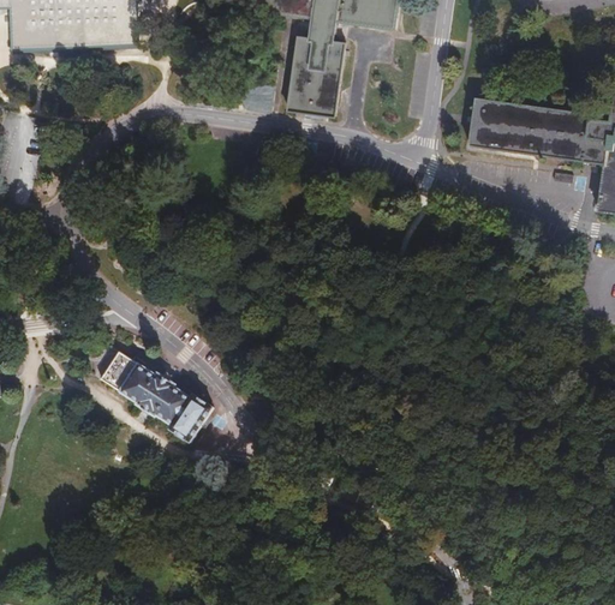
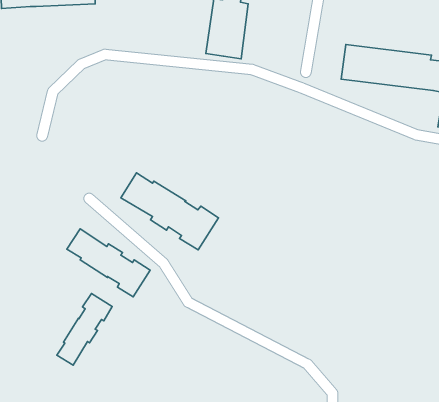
building: none -> [121,173,219,250]
building: none -> [57,293,112,365]

